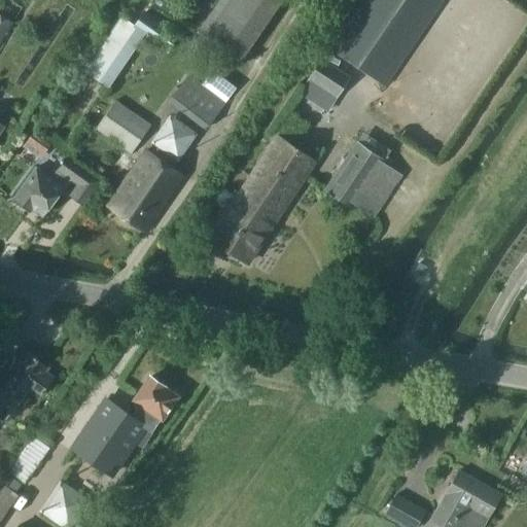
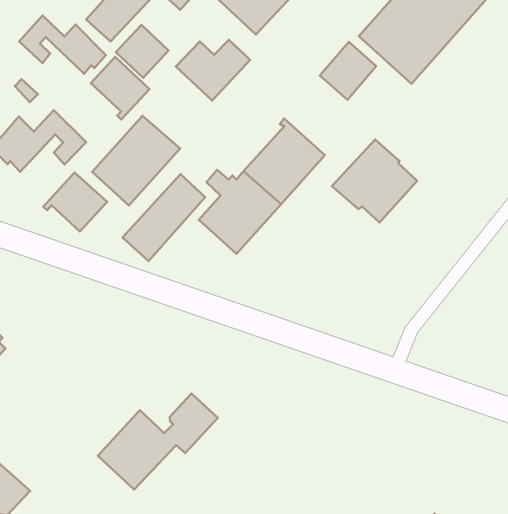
building: none -> [19,16,106,74]
building: [151,114,199,162] -> [116,25,169,78]
building: none -> [122,174,205,261]
building: none -> [43,172,107,231]
building: [74,378,177,471] -> [98,393,218,490]

